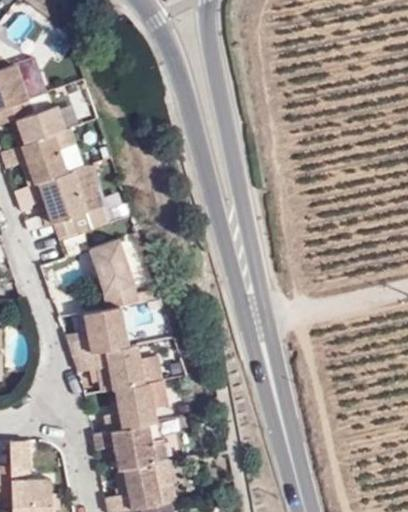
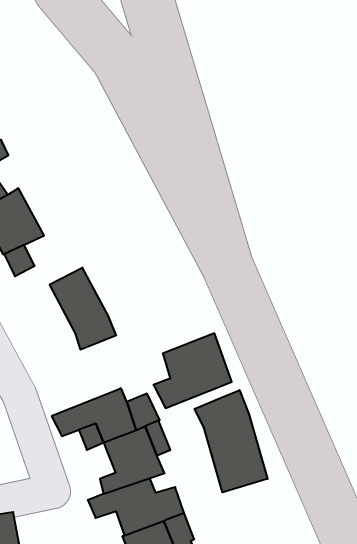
building: [67,307,133,363] -> [153,333,232,408]
building: none -> [195,390,268,492]

